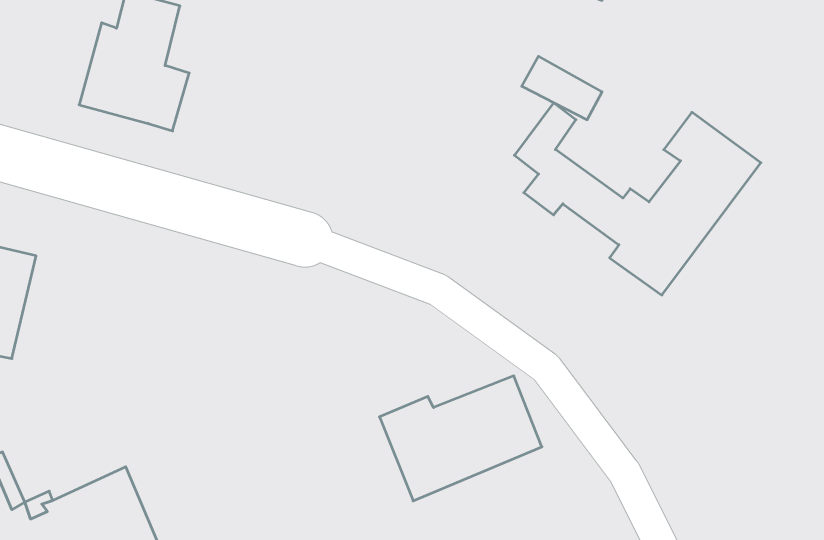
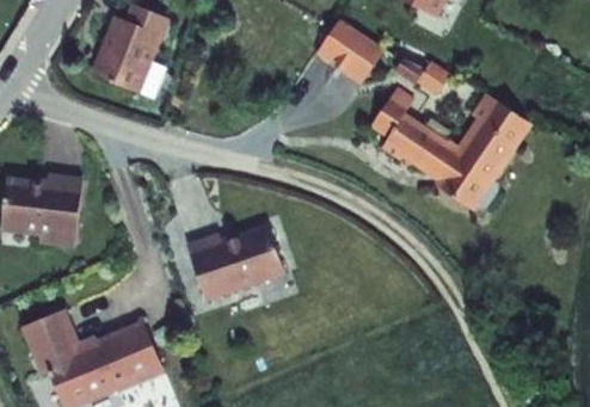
building: none -> [331,25,397,84]
building: [379,376,542,501] -> [173,220,277,300]

